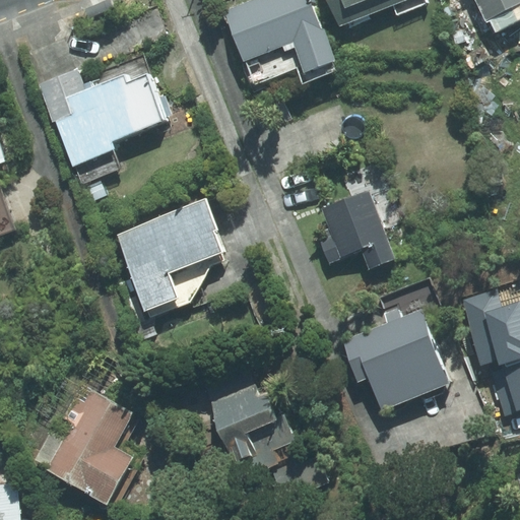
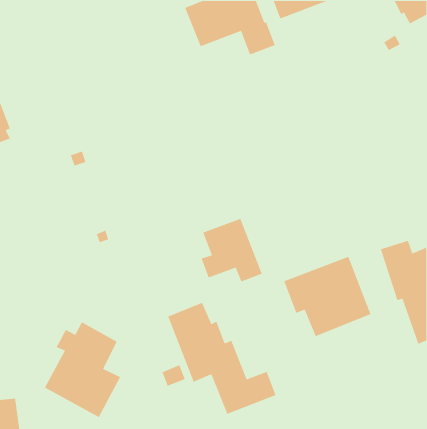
building: [40,73,166,166] -> none
building: [317,190,392,268] -> [201,218,263,283]
building: [118,202,221,309] -> none

